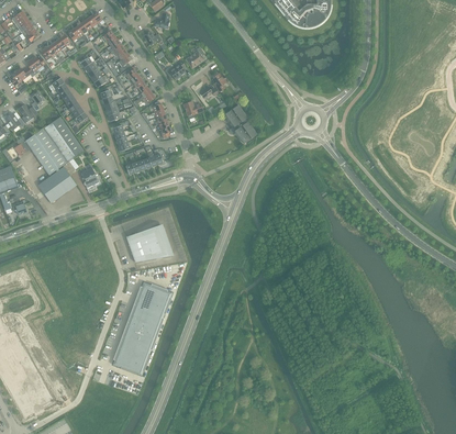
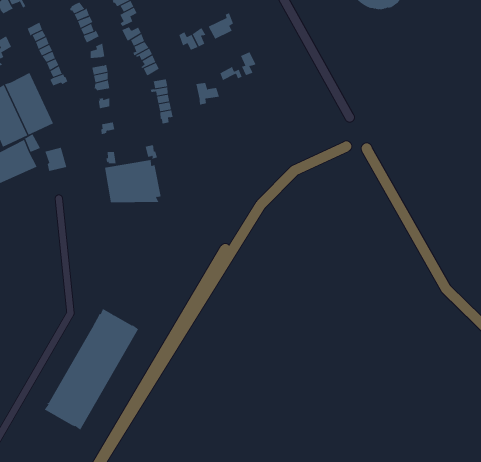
building: [224,104,256,143] -> none
building: [125,224,171,261] -> [104,159,161,203]

